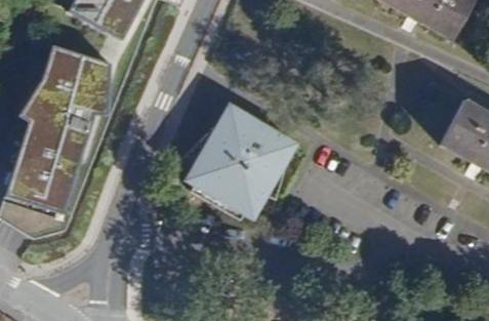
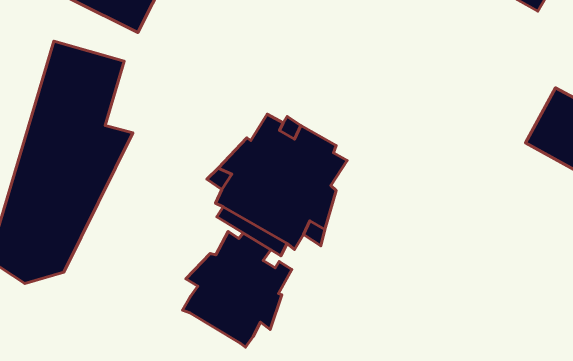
building: none -> [182,232,292,347]

